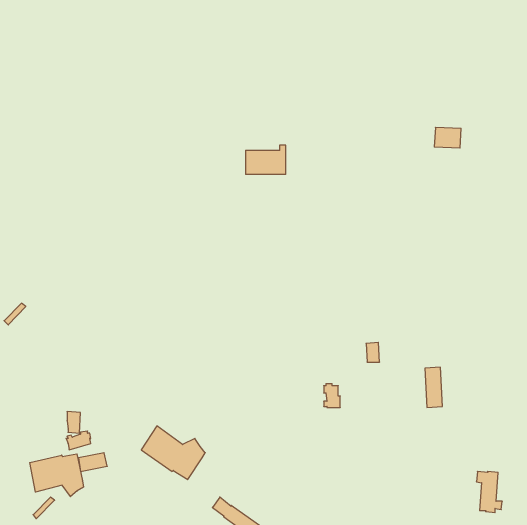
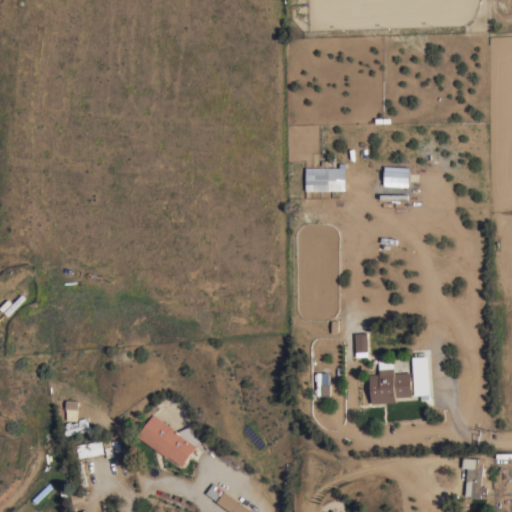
building: [434,127,461,148] -> [383,168,409,188]
building: [246,145,286,174] -> [306,164,345,192]
building: none -> [369,369,413,405]
building: [30,454,83,497] -> none

